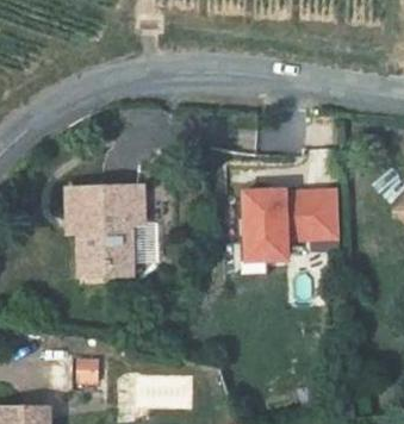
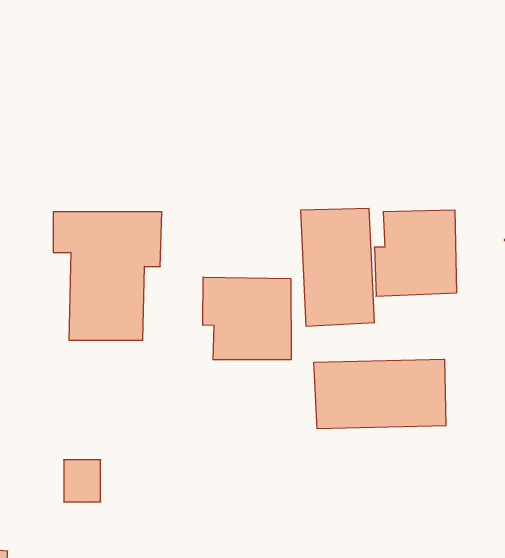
building: none -> [203,277,291,360]
building: none -> [314,359,446,429]

